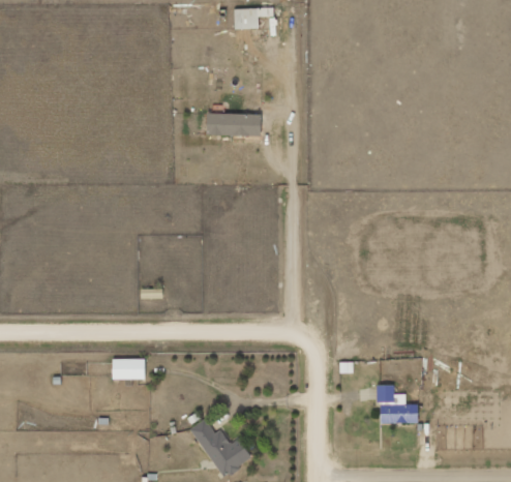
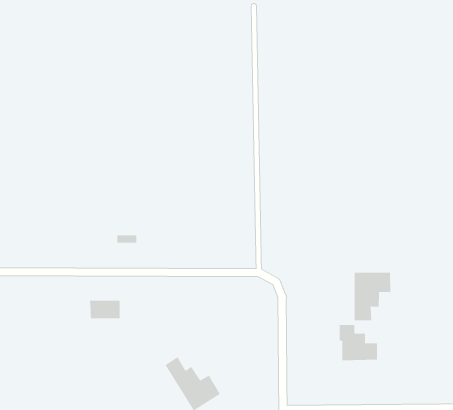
building: [206,113,262,137] -> none
building: none -> [354,272,391,321]

